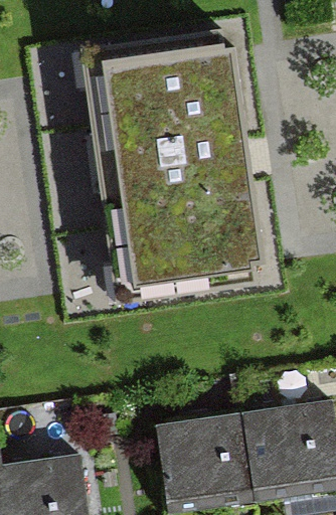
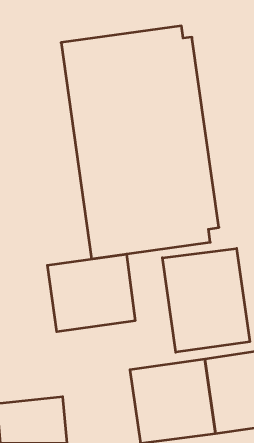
building: none -> [162,248,250,352]
building: none -> [47,254,135,332]

